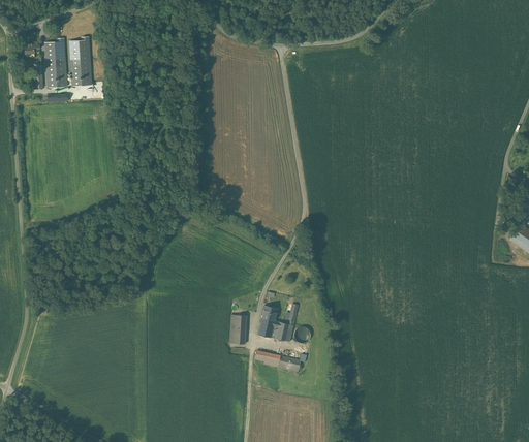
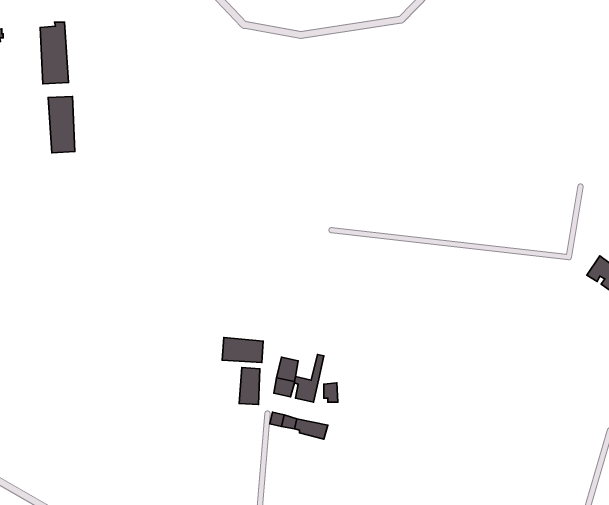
building: [44,41,66,87] -> [48,96,75,153]
building: none -> [222,337,263,363]

